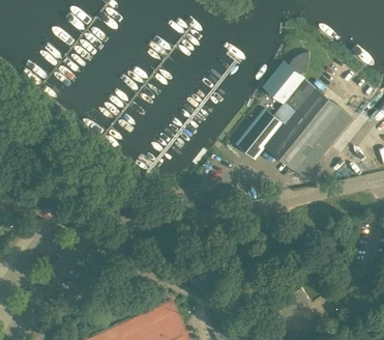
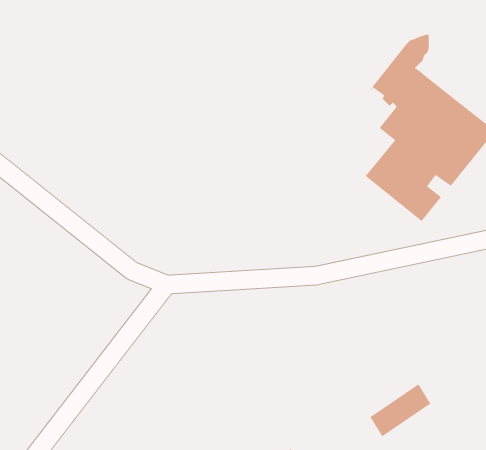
building: [239,108,284,160] -> none

